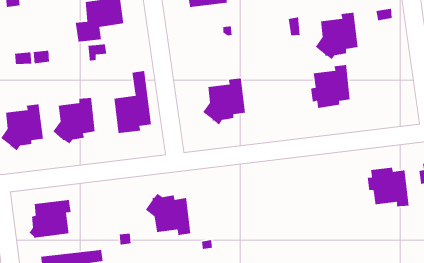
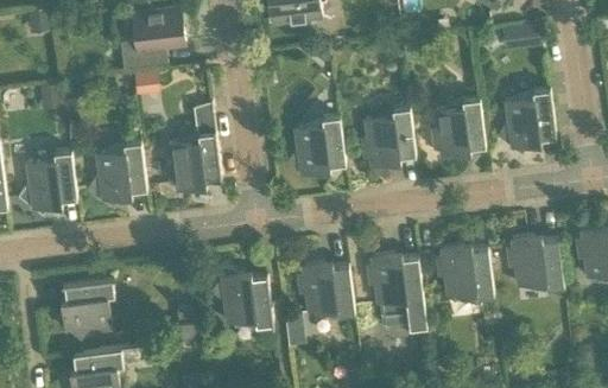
building: [315,12,359,60] -> [498,87,556,151]
building: none -> [361,104,416,164]
building: none -> [436,242,493,295]
building: none -> [367,250,426,326]
building: none -> [302,260,354,313]

